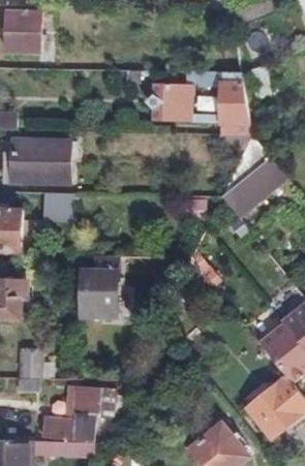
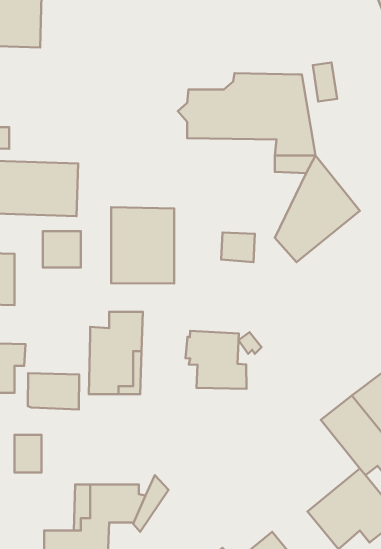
building: none -> [111,207,174,283]
building: none -> [185,331,247,389]
building: none -> [28,373,79,409]

